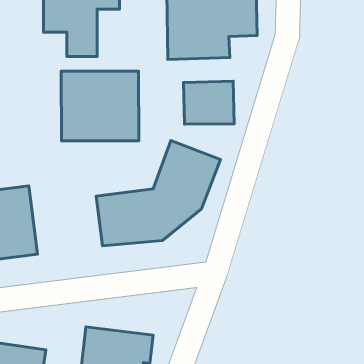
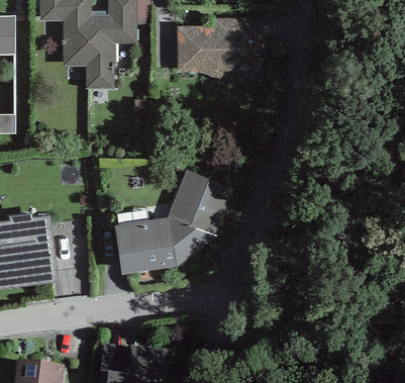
building: [61,71,139,141] -> none
building: [184,81,234,124] -> none

